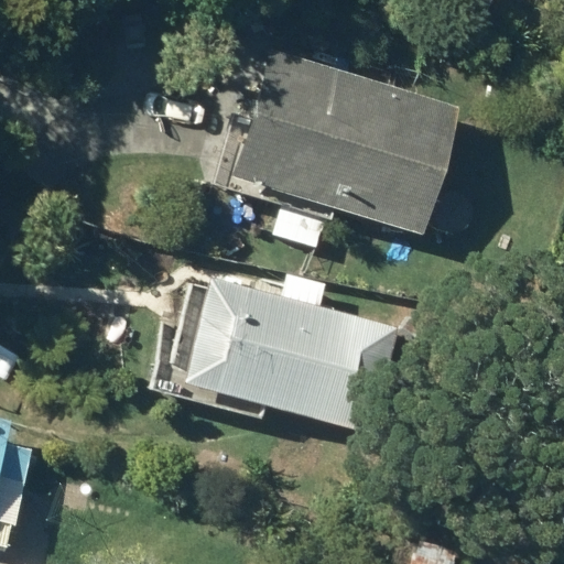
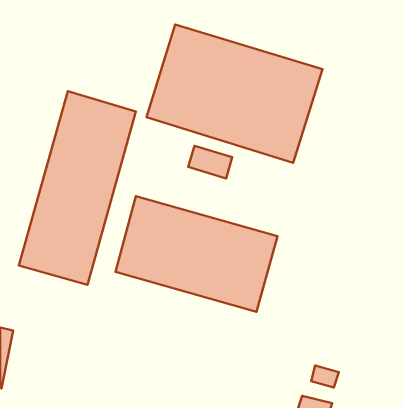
building: none -> [19,91,136,285]

